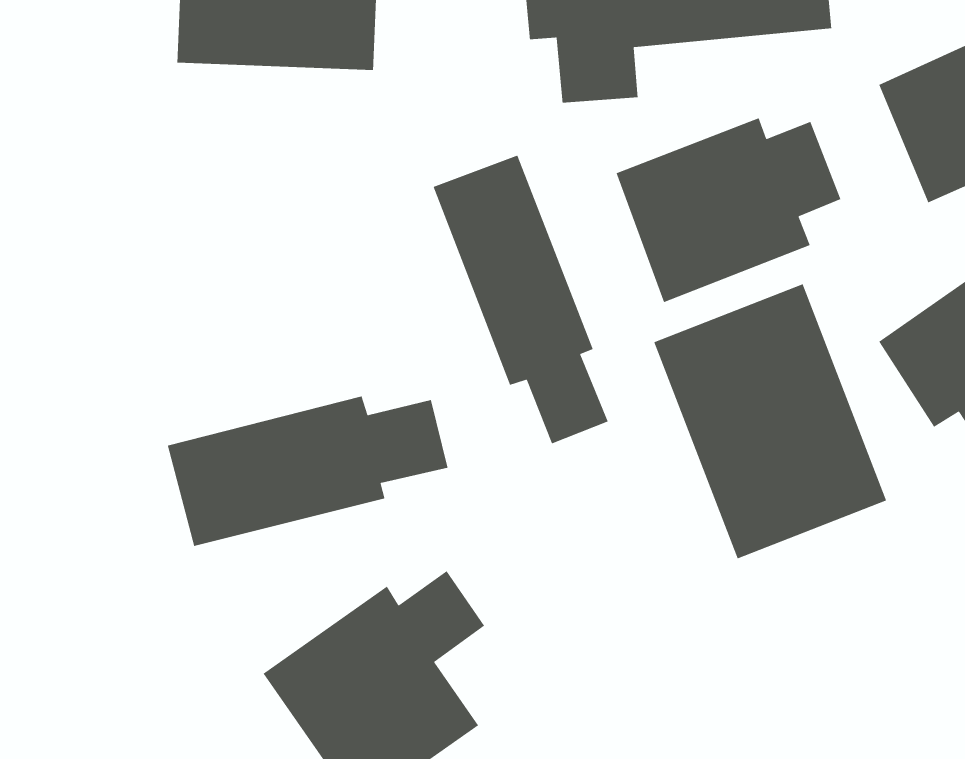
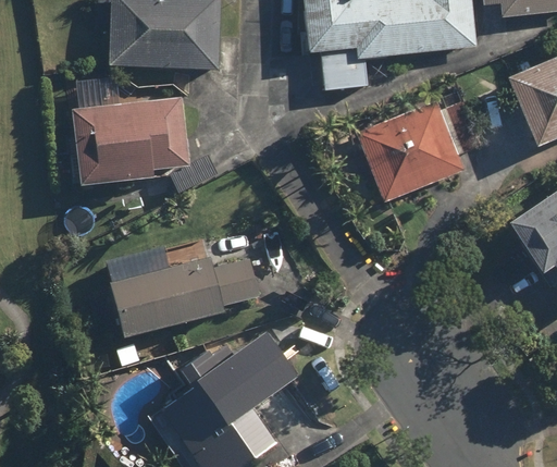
building: none -> [69,95,191,187]
building: [433,155,609,444] -> none
building: [653,283,887,560] -> none

